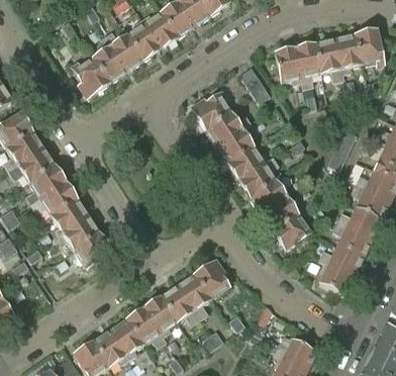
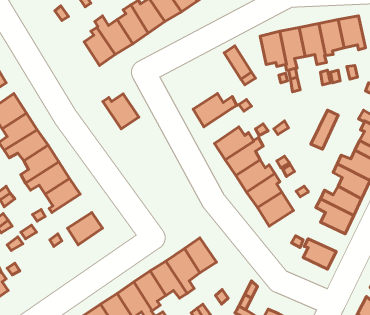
building: [72,59,109,95] -> [103,94,139,129]
building: [194,92,231,128] -> none
building: [217,127,254,164] -> none
building: [55,216,101,252] -> none
building: [319,246,364,276] -> none

